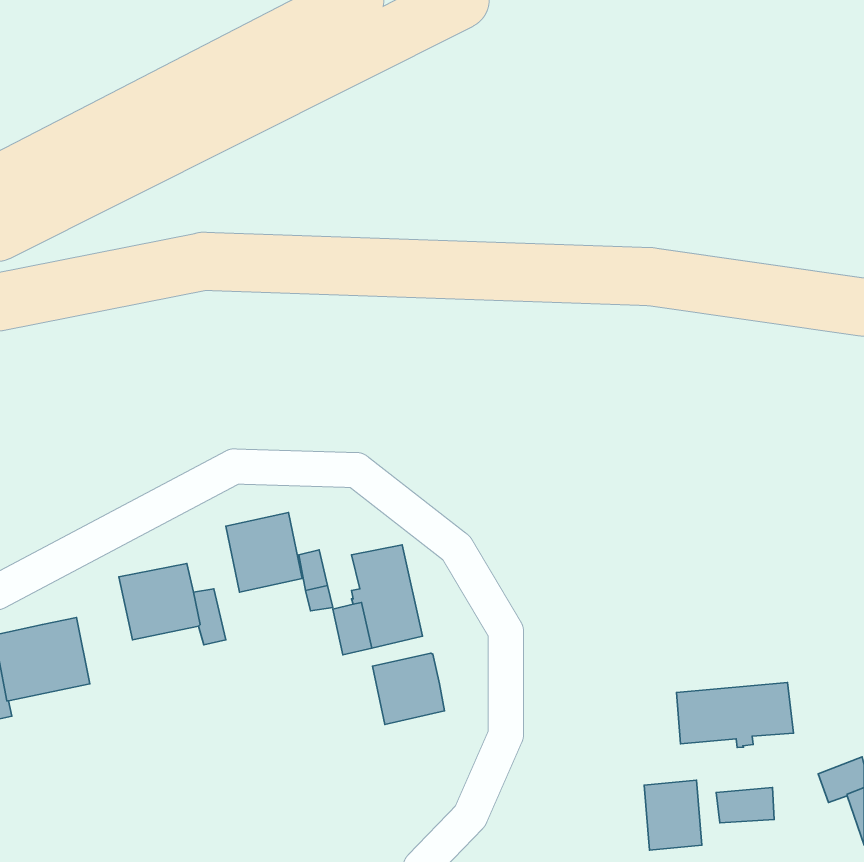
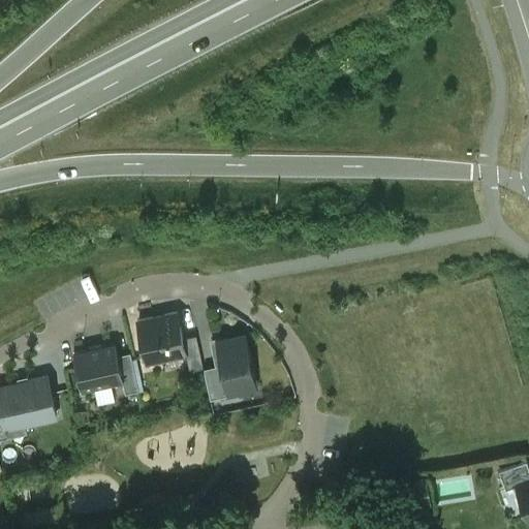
building: [373,653,445,724] -> none
building: [676,683,794,747] -> none
building: [644,780,702,850] -> none

